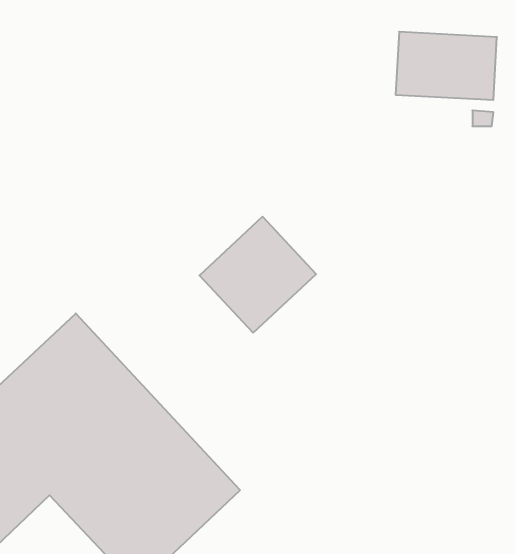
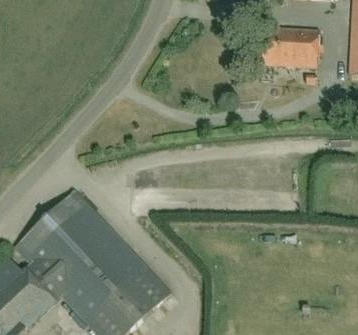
building: [199,217,316,333] -> none

